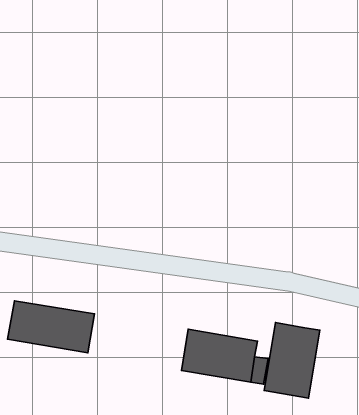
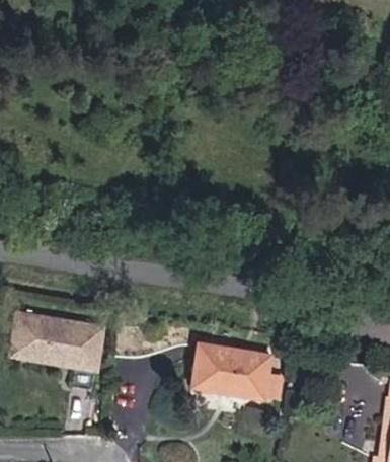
building: [264,322,320,398] -> none

